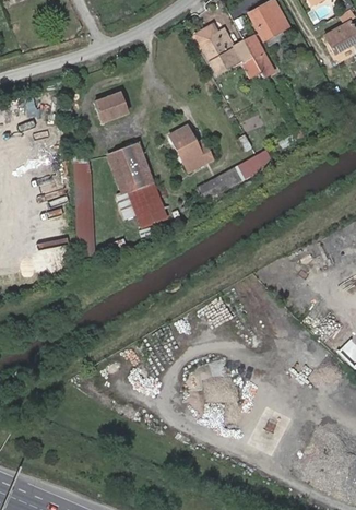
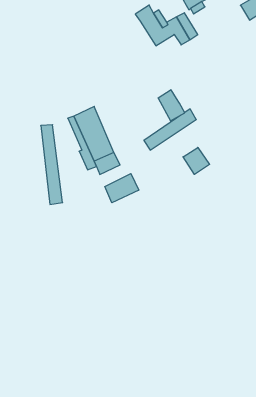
building: [96,93,129,123] -> none
building: [170,127,201,164] -> [158,90,185,121]
building: none -> [183,147,210,174]
building: none -> [105,174,139,203]

